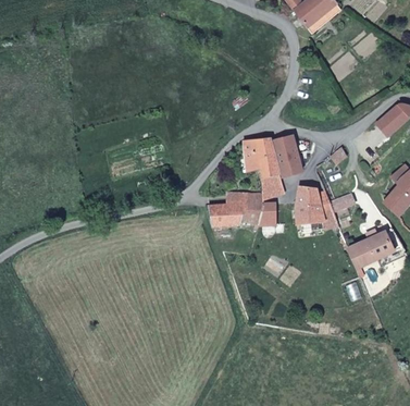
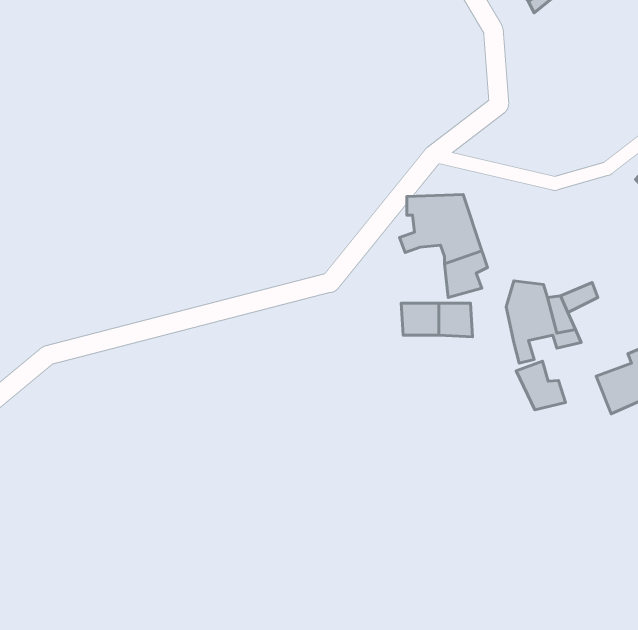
building: [271,133,305,175] -> none
building: [204,202,236,225] -> none
building: none -> [516,361,566,410]

